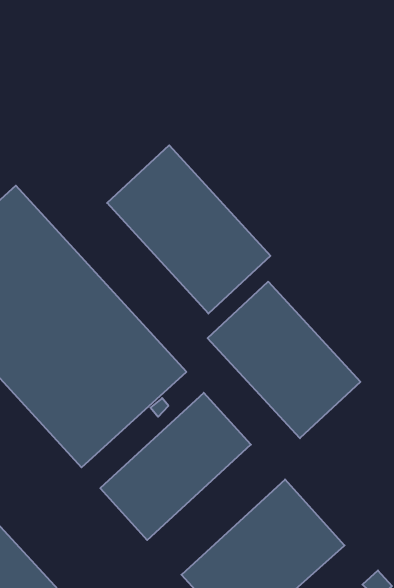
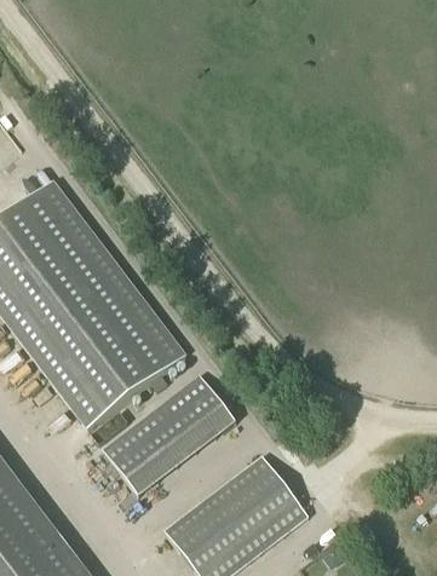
building: [107,145,270,314] -> none
building: [208,282,360,438] -> none

